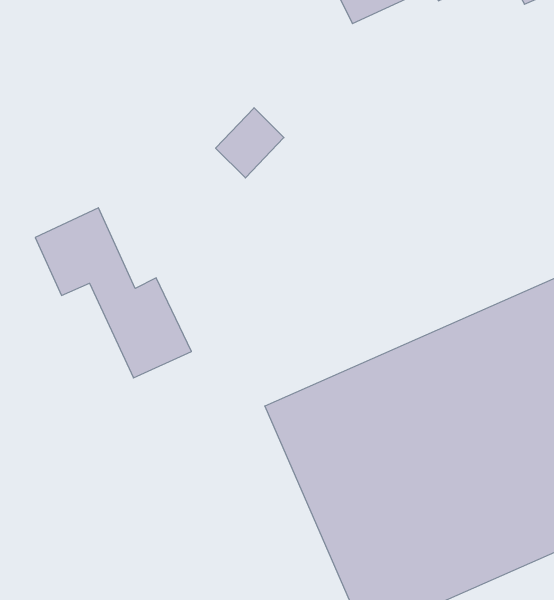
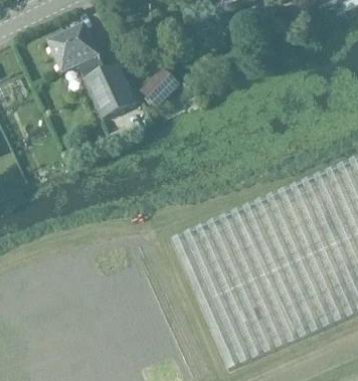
building: [35,208,191,378] -> [49,23,139,121]

